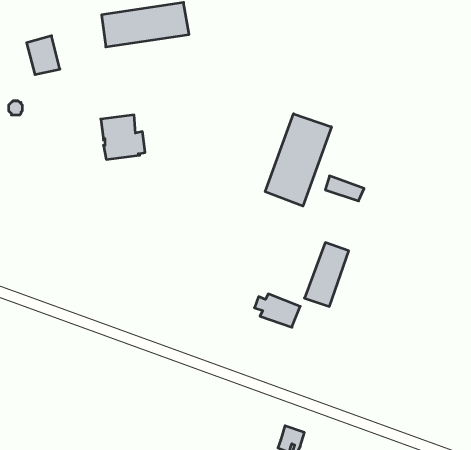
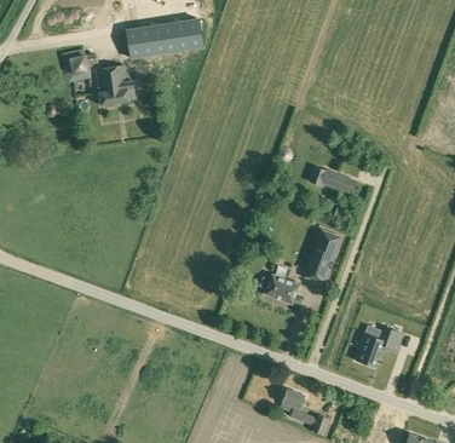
building: [265,114,331,206] -> none
building: [101,115,145,159] -> [96,65,134,104]
building: none -> [353,326,397,367]

